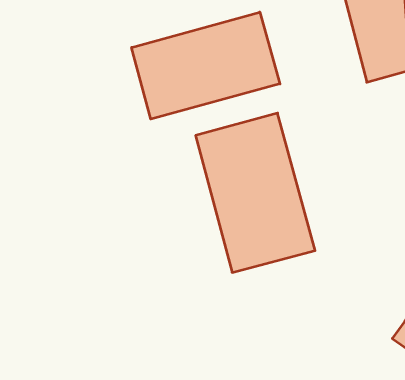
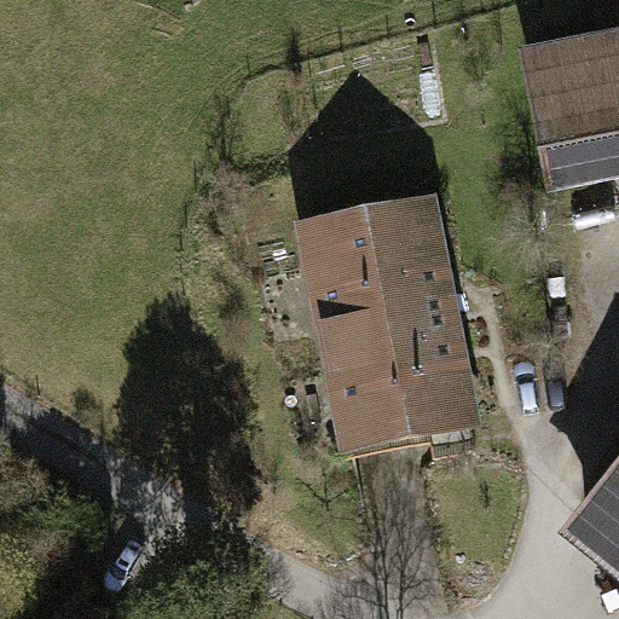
building: [132,12,280,119] -> none

